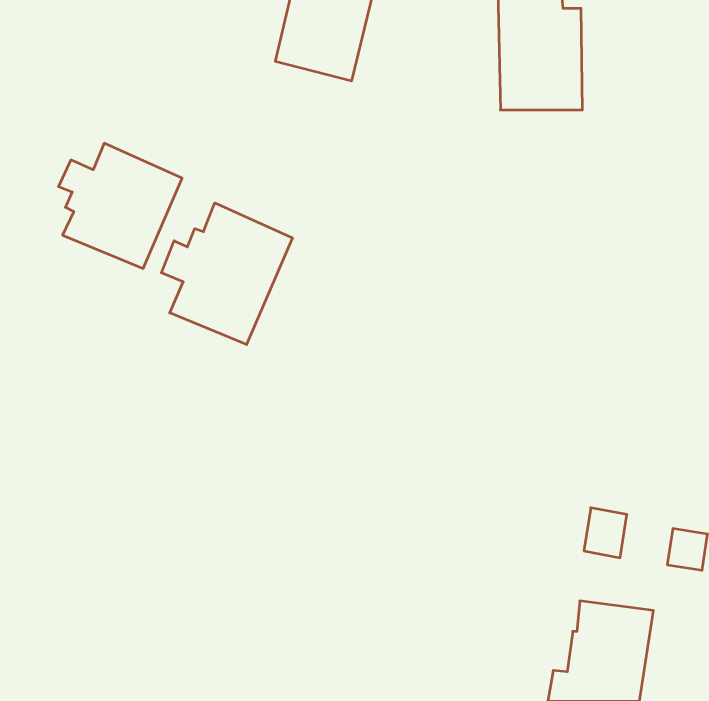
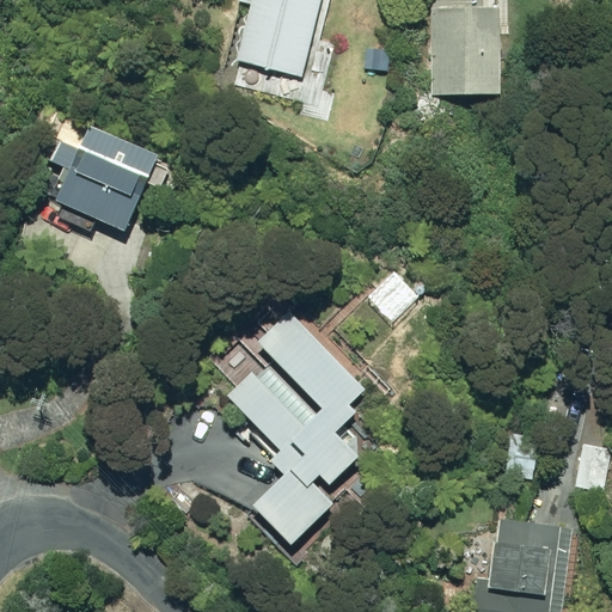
building: [161,203,292,345] -> none
building: none -> [225,310,366,544]

